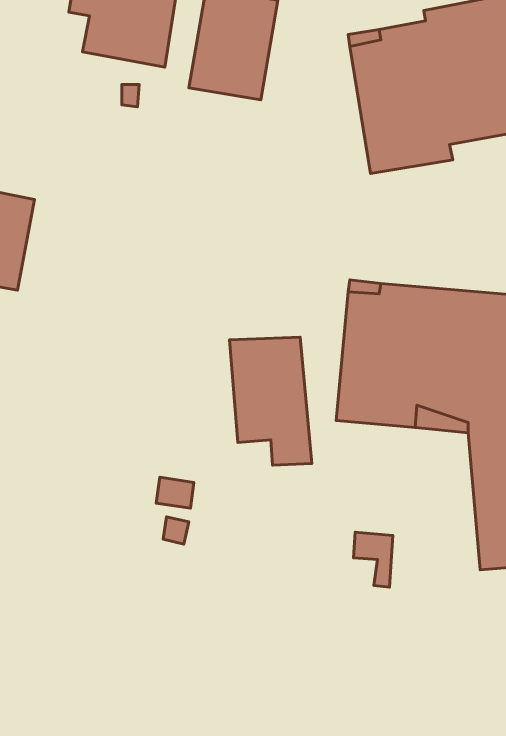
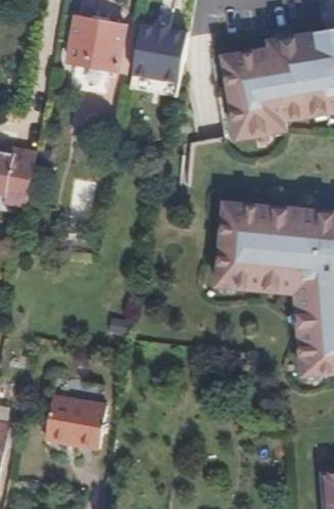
building: [230,337,312,465] -> none
building: none -> [45,399,106,451]

